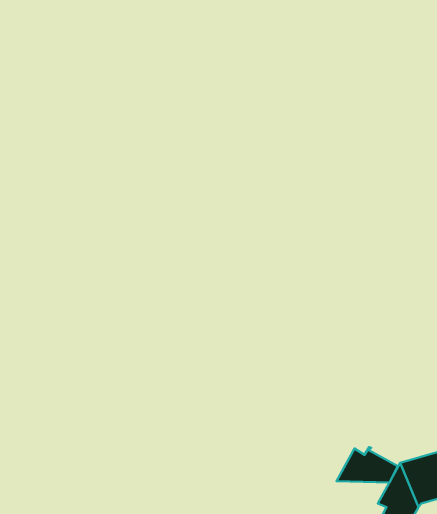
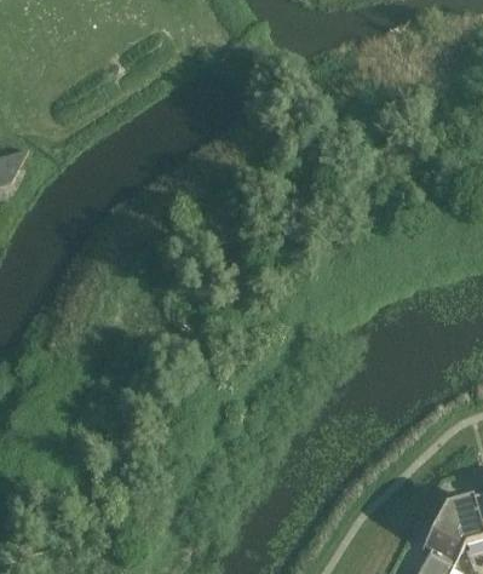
building: [336,447,398,482] -> none

